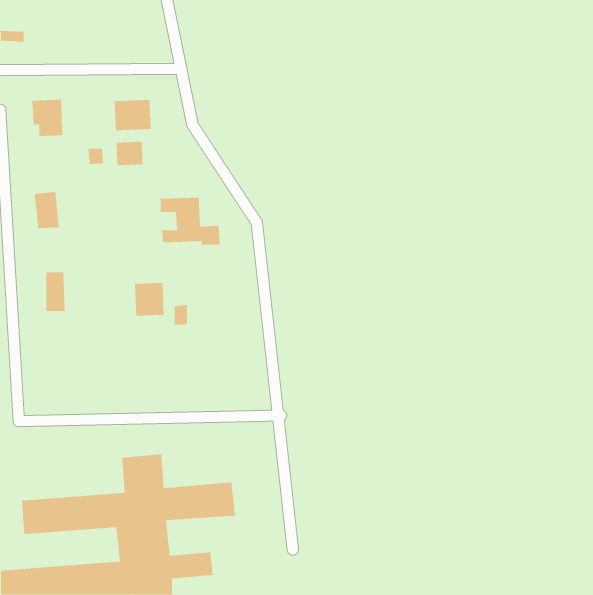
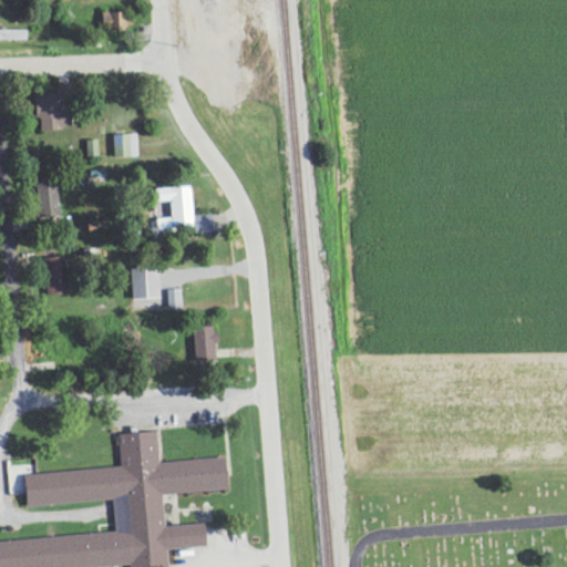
building: none -> [101,11,131,28]
building: [114,99,151,131] -> none
building: none -> [194,326,216,361]

